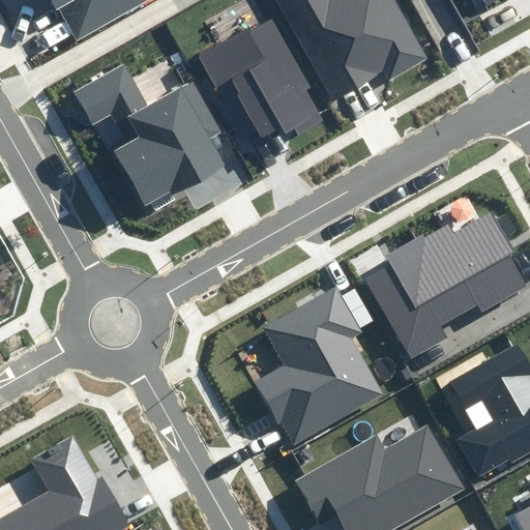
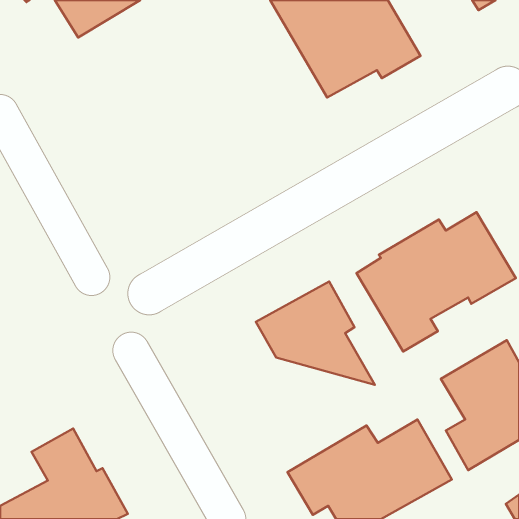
building: [198,18,335,141] -> none
building: [77,64,222,209] -> none
building: [254,364,382,444] -> none

